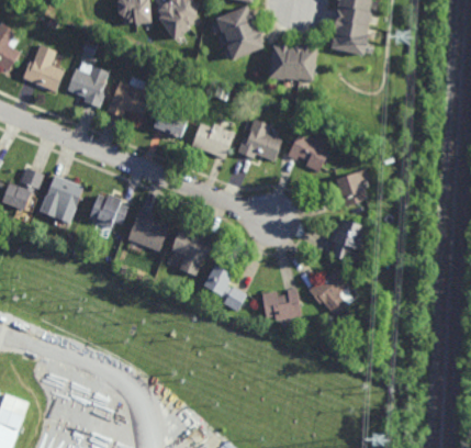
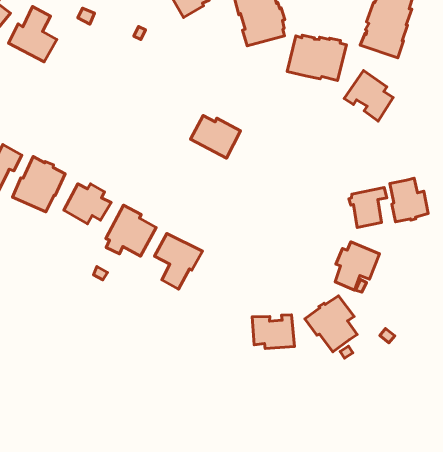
building: [67,63,108,109] -> none
building: [104,76,150,117] -> none
building: [153,110,186,138] -> none
building: [235,119,281,163] -> none
building: [285,131,328,173] -> [344,70,393,121]
building: none -> [390,178,428,222]
building: [202,267,245,313] -> none

